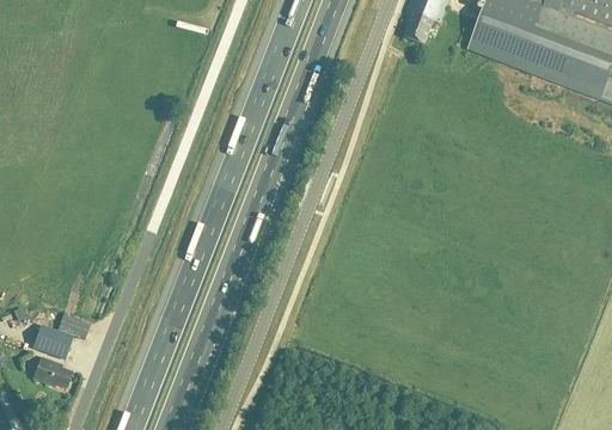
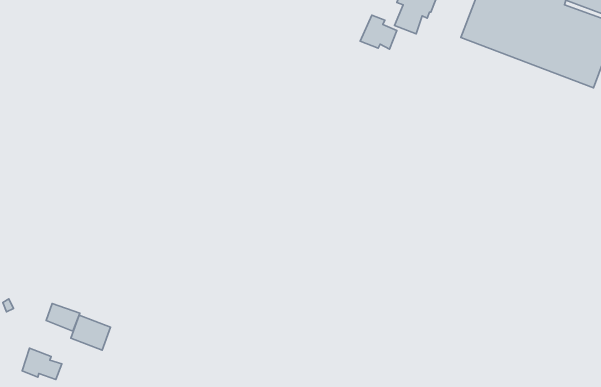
building: none -> [360,15,397,49]
building: [33,325,73,360] -> [71,315,110,350]

